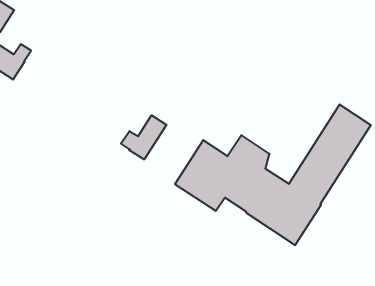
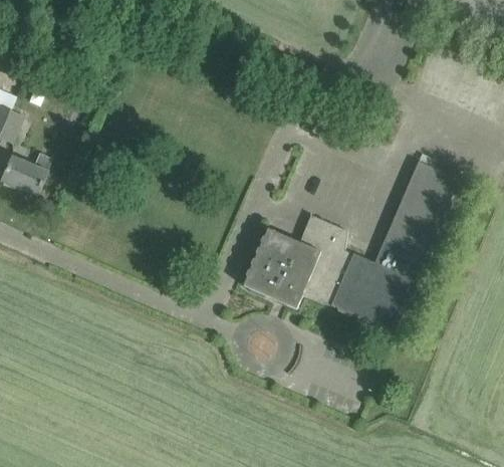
building: [121,115,166,160] -> none

